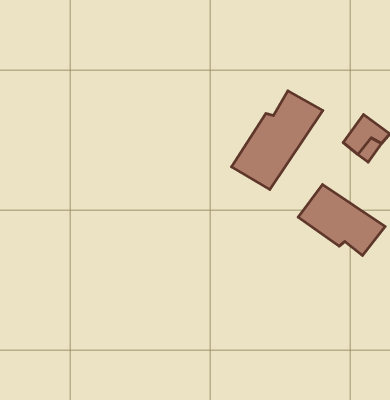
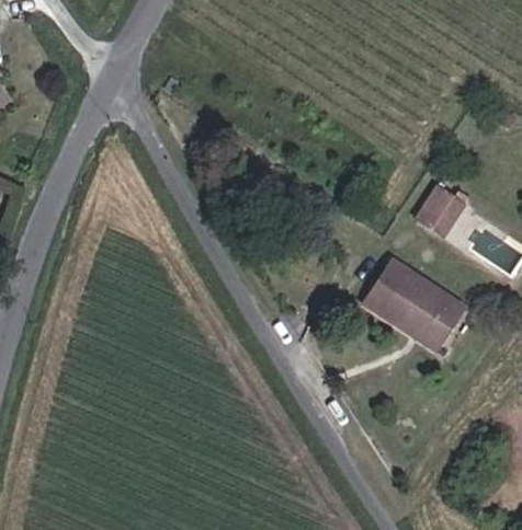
building: [231,91,323,190] -> none

